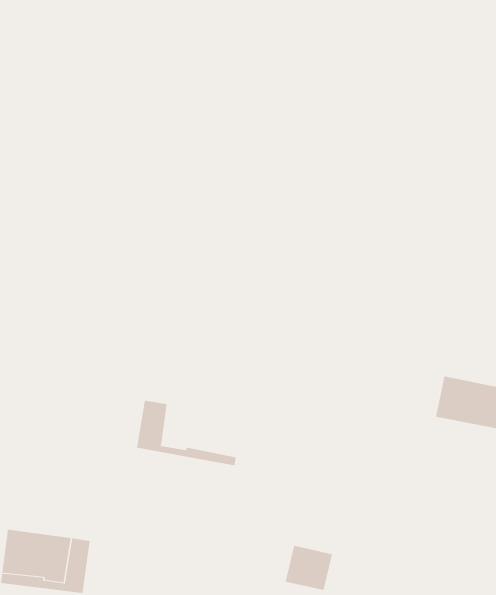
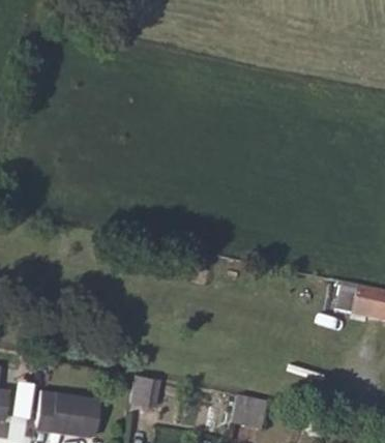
building: [137,400,236,466] -> none
building: none -> [132,374,166,407]

